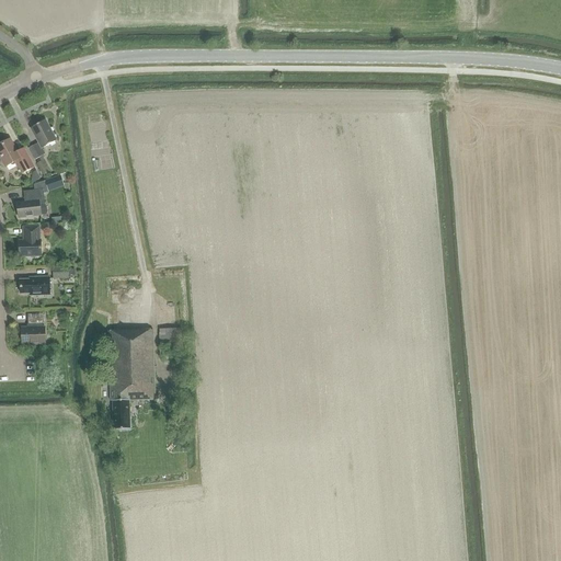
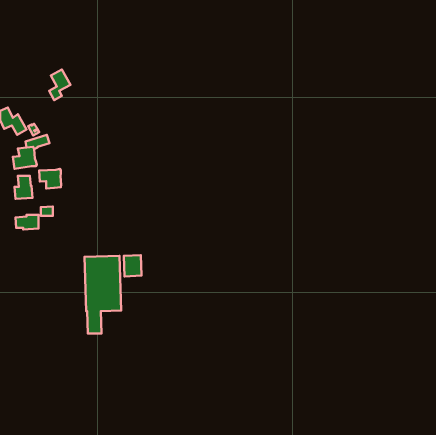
building: [28,119,56,159] -> [49,70,70,100]
building: none -> [39,169,61,188]
building: [22,312,45,344] -> none

